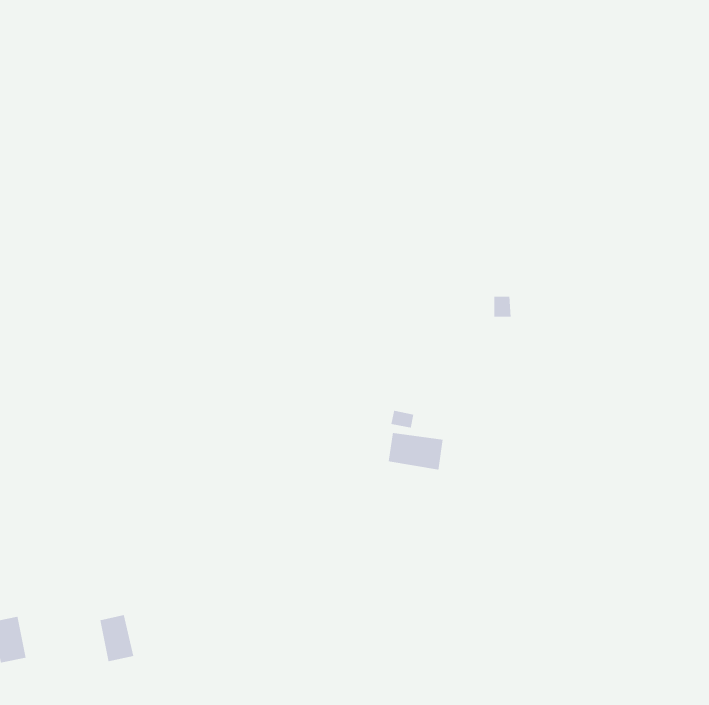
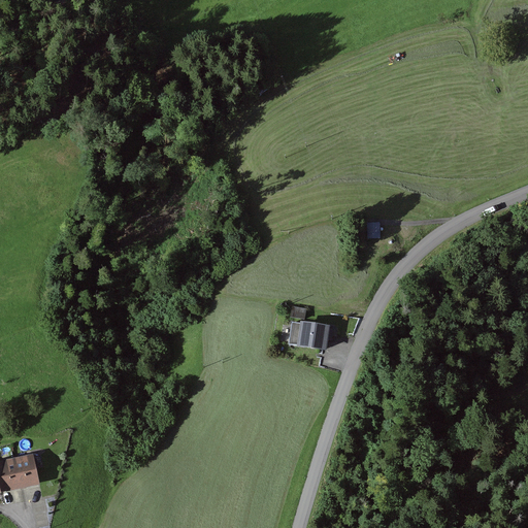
building: [99,614,134,662] -> [13,453,39,488]

